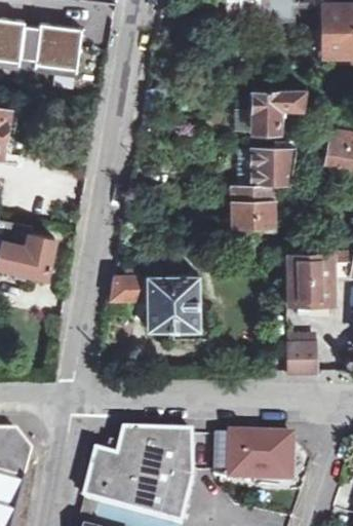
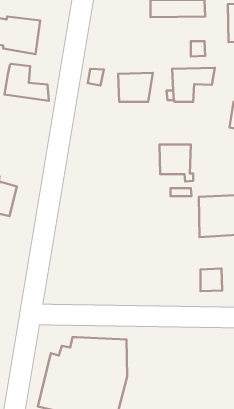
building: none -> [4,64,49,101]
building: [251,150,296,187] -> [118,73,153,102]
building: [111,275,199,331] -> none
building: [215,437,292,482] -> none

